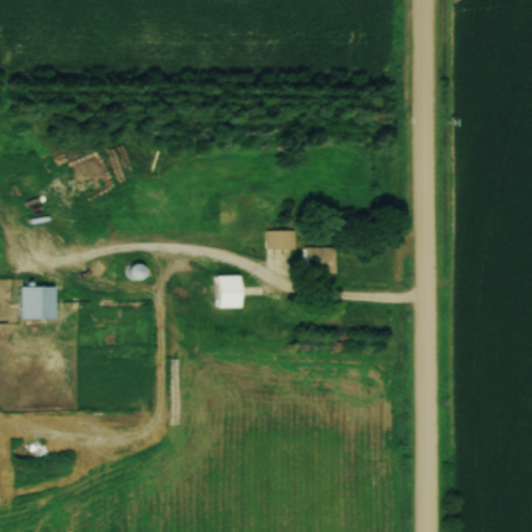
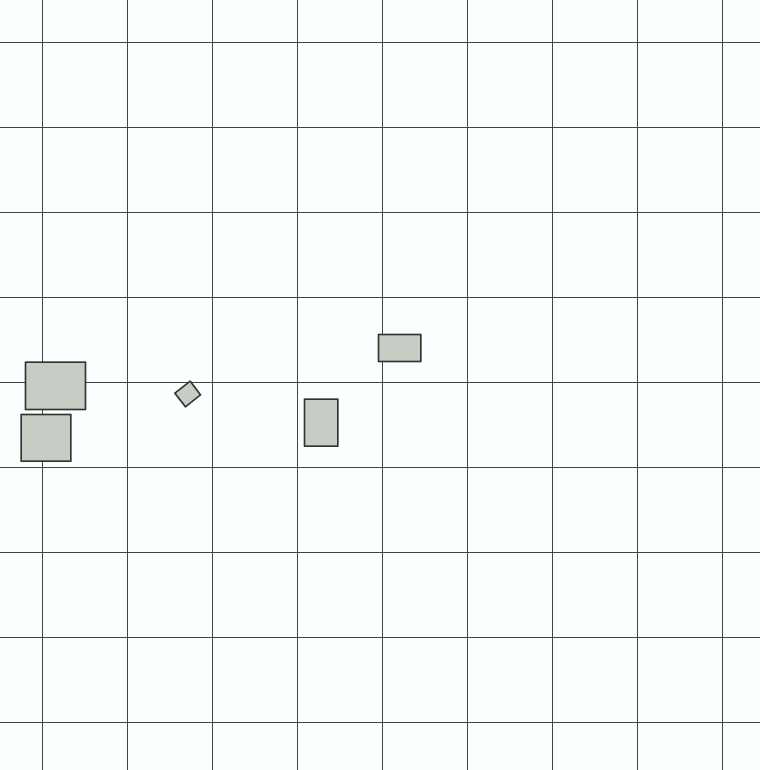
building: [309,248,336,272] -> none
building: none -> [26,362,86,410]

